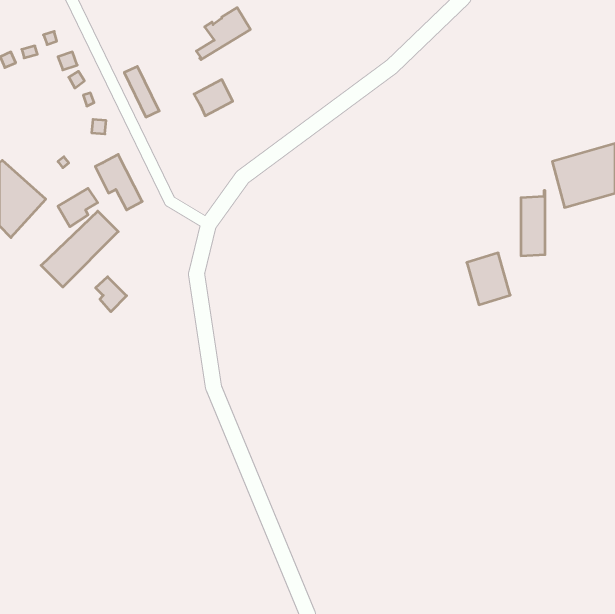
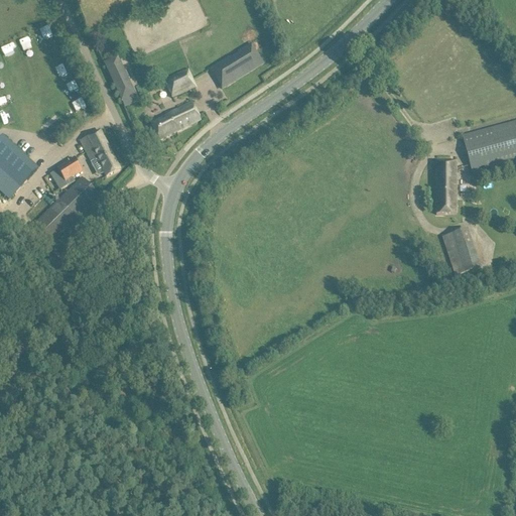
building: [196,8,250,60] -> [217,43,262,87]
building: none -> [149,101,200,139]
building: [467,253,510,305] -> [444,226,481,269]
building: [96,277,127,312] -> none

